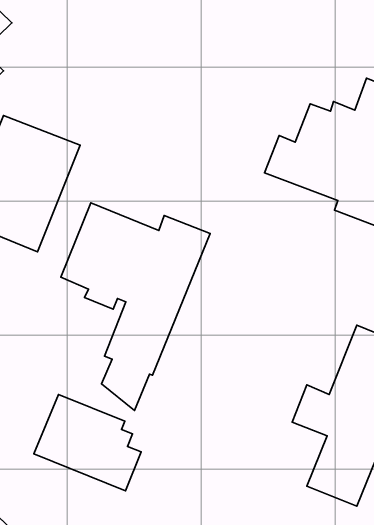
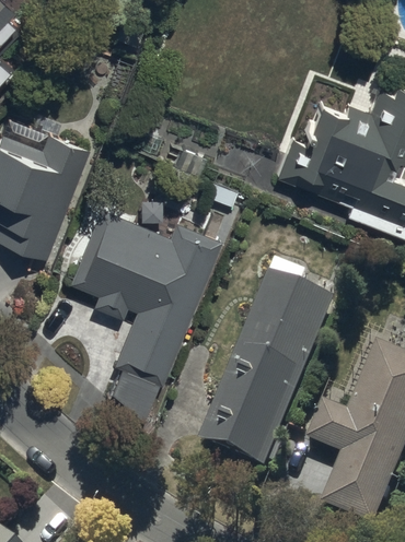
building: none -> [198,252,334,464]
building: [34,395,141,491] -> none

